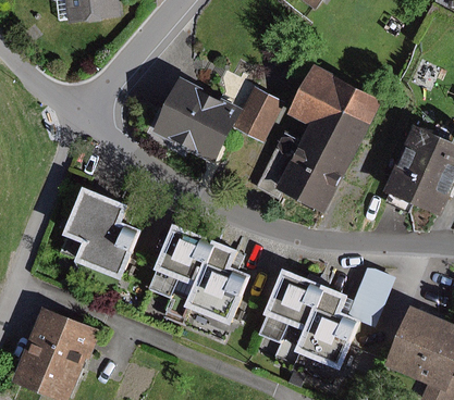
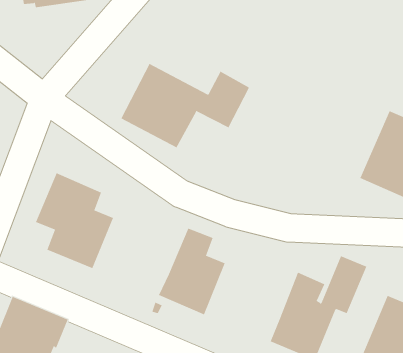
building: [275,63,381,212] -> none
building: [147,223,216,298] -> none
building: [256,267,323,343] -> none

